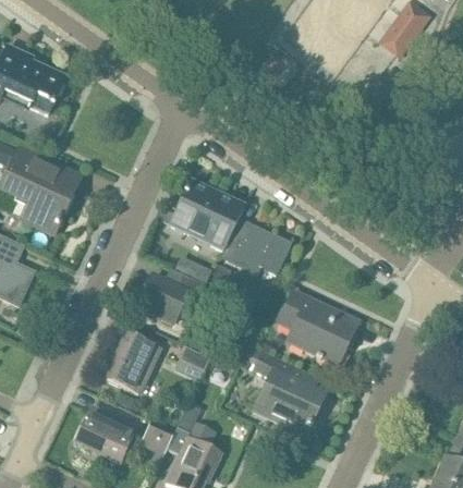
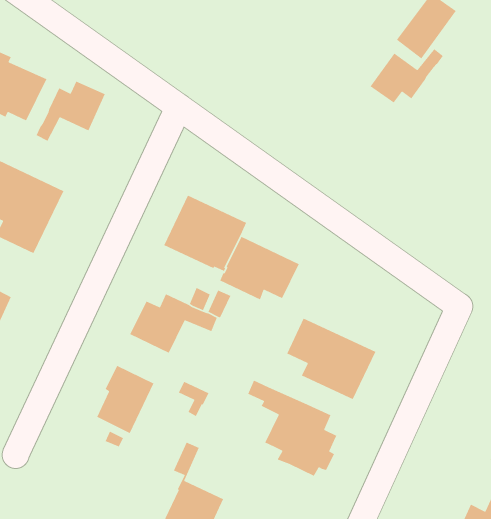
building: none -> [370,48,444,103]
building: none -> [36,81,106,142]
building: [77,406,137,461] -> none
building: [139,419,175,455] -> none

